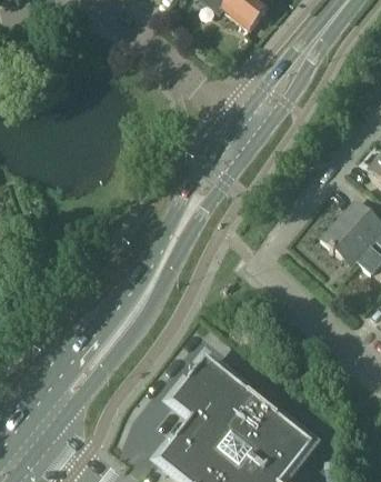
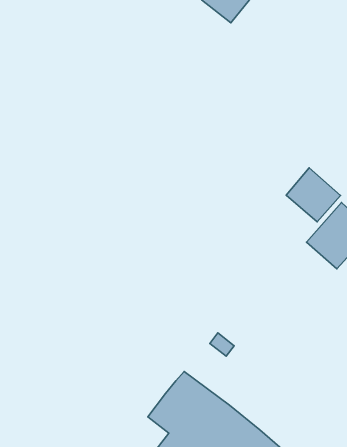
building: none -> [286,168,340,222]

